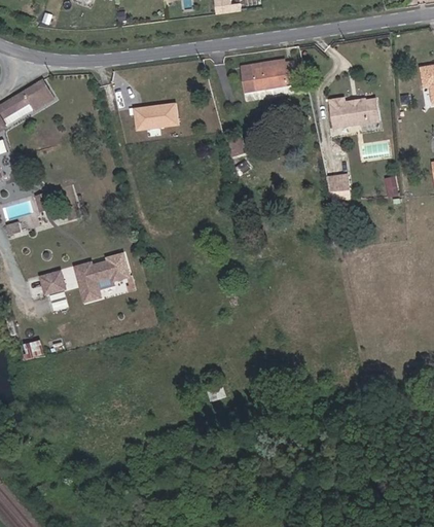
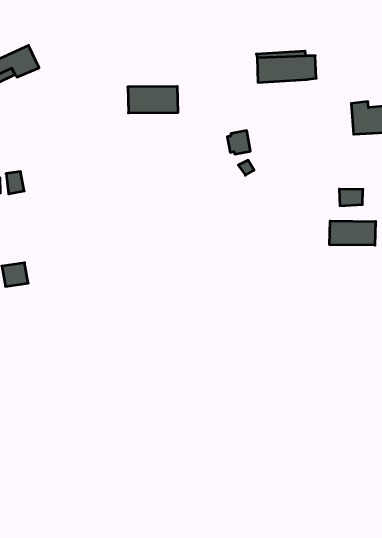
building: none -> [330,221,376,245]
building: [74,254,128,302] -> none

